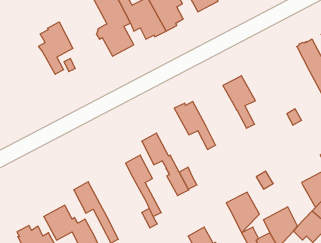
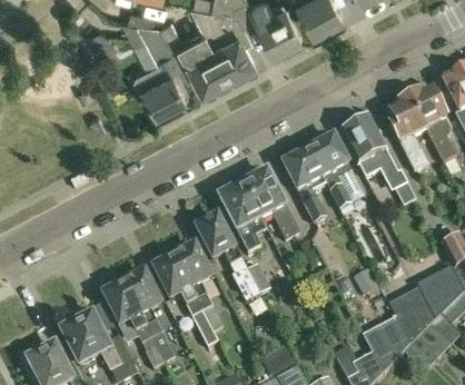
building: [39,22,73,74] -> none
building: none -> [389,99,426,169]
building: none -> [342,120,398,181]
building: none -> [284,152,327,225]
building: none -> [220,184,267,254]
building: none -> [154,259,204,319]
building: none -> [123,275,175,364]
building: [226,192,259,233] -> [389,290,435,346]

